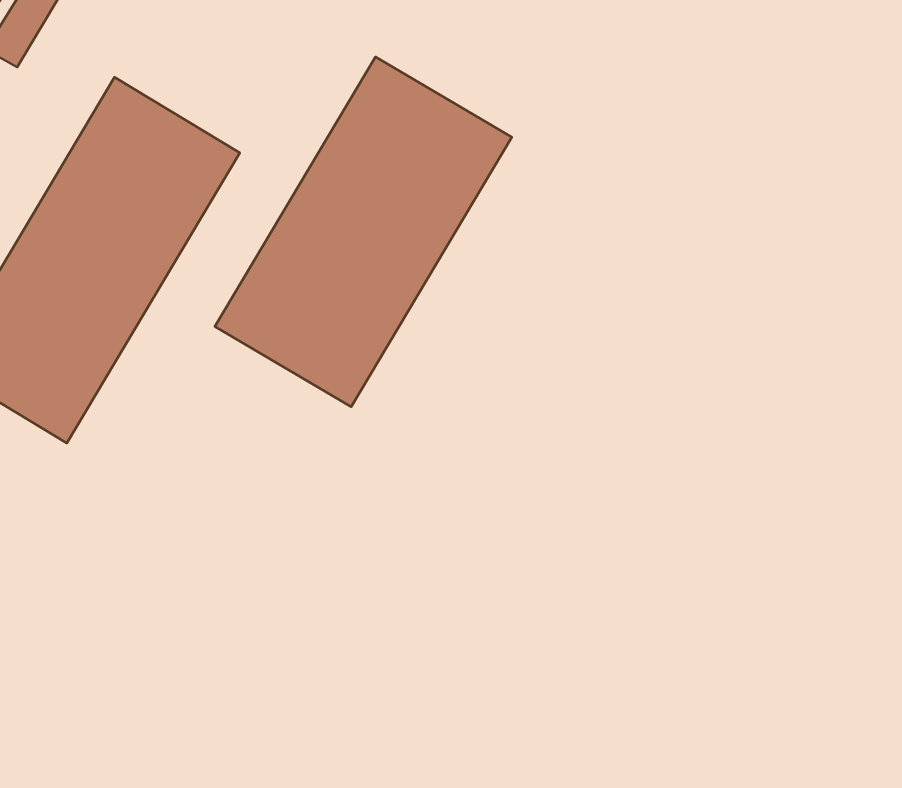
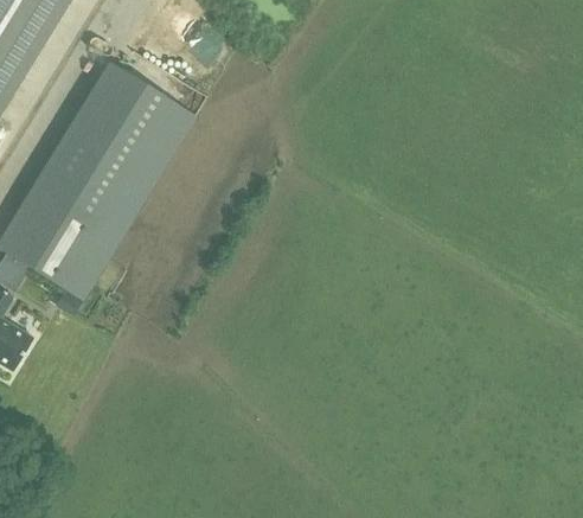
building: [215,57,512,407] -> none

